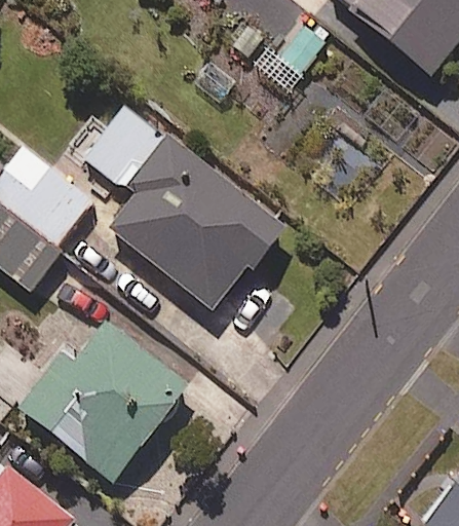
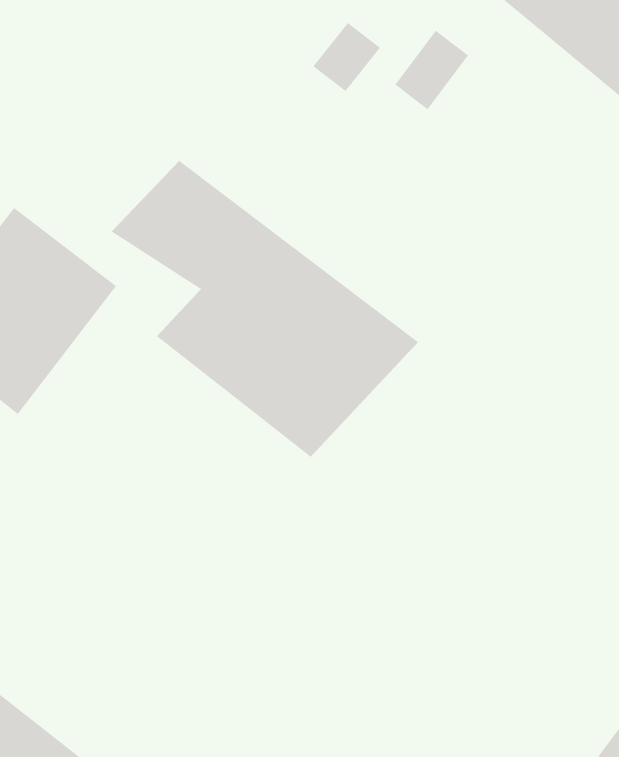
building: [23,325,194,484] -> none

